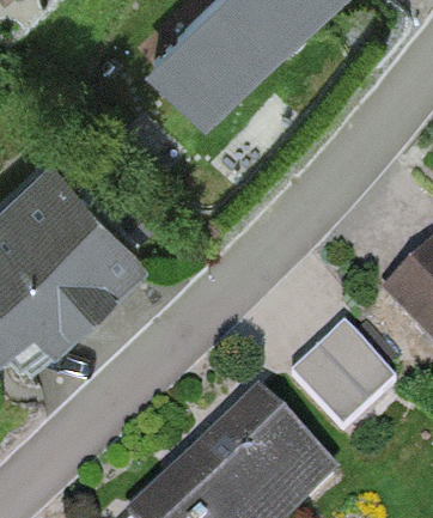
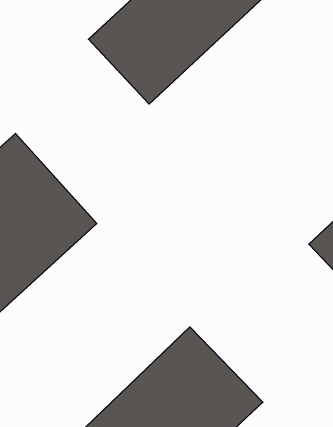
building: [294,325,394,425] -> none

